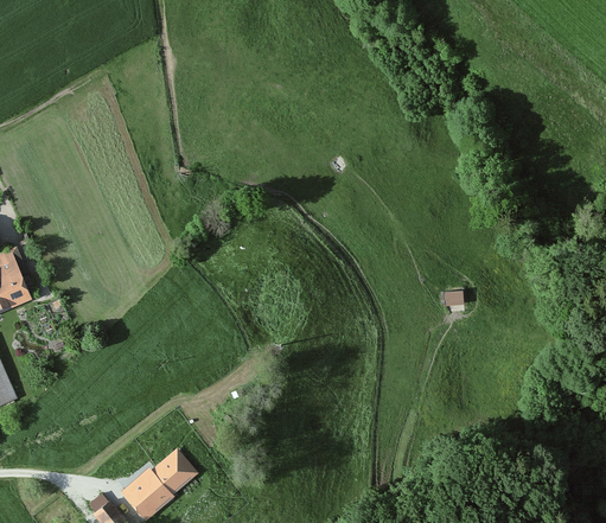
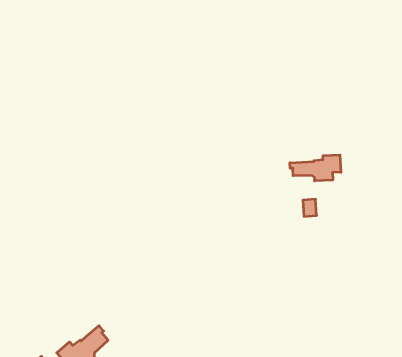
building: none -> [290,155,341,181]

